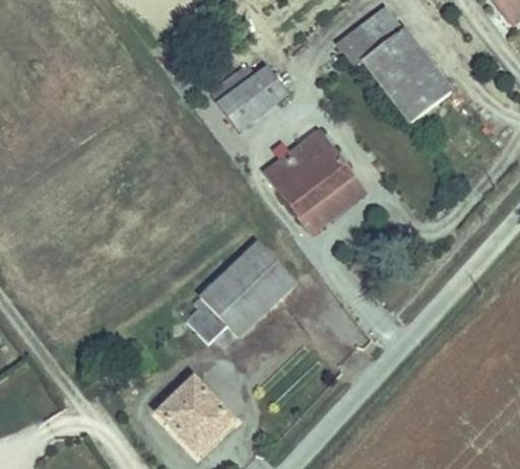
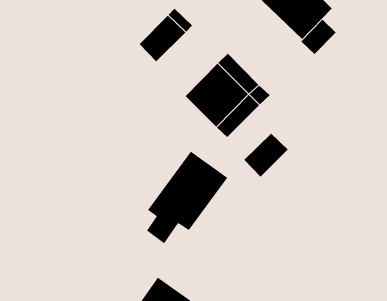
building: none -> [300,19,337,55]
building: none -> [243,133,288,177]

